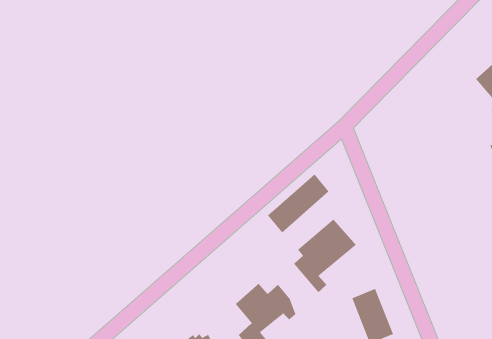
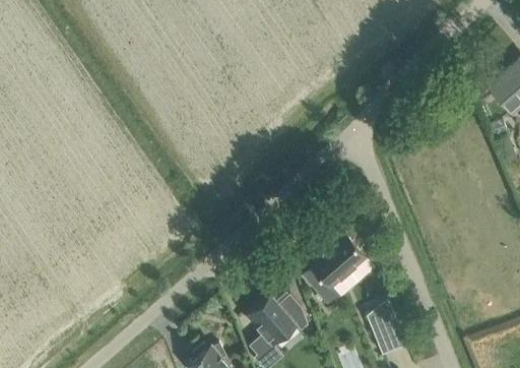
building: [267,174,329,233] -> none

